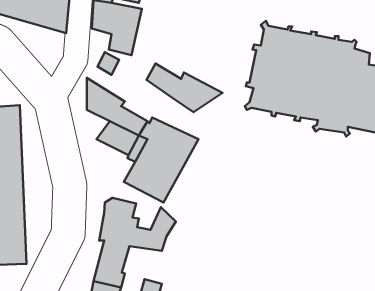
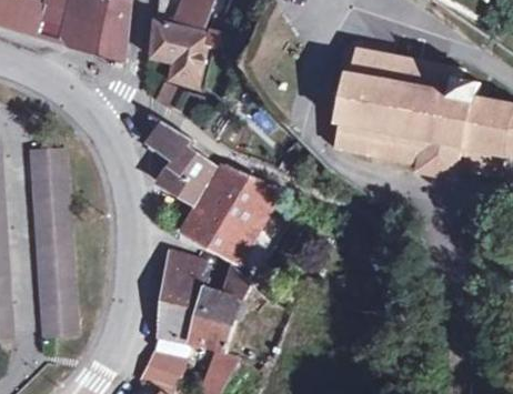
building: [147,64,223,112] -> none
building: none -> [188,311,234,350]

